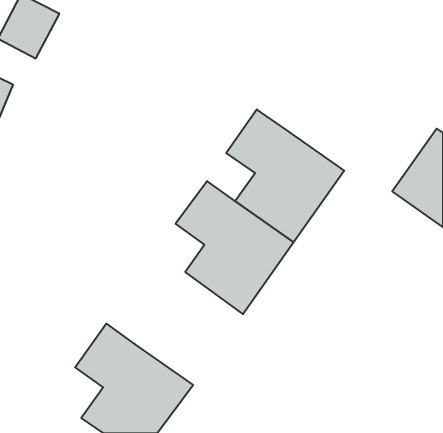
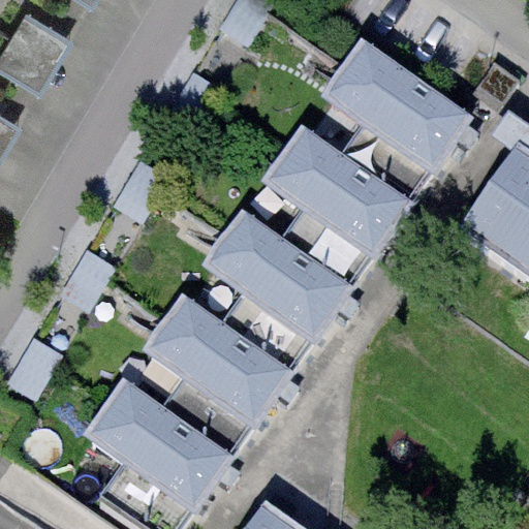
building: none -> [328,44,467,201]
building: none -> [149,299,287,455]

